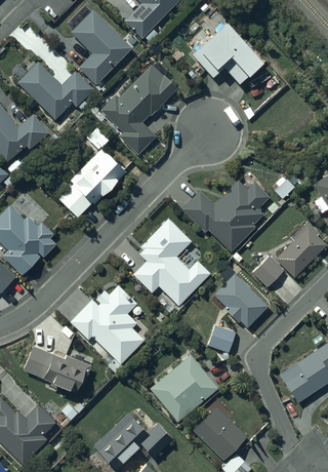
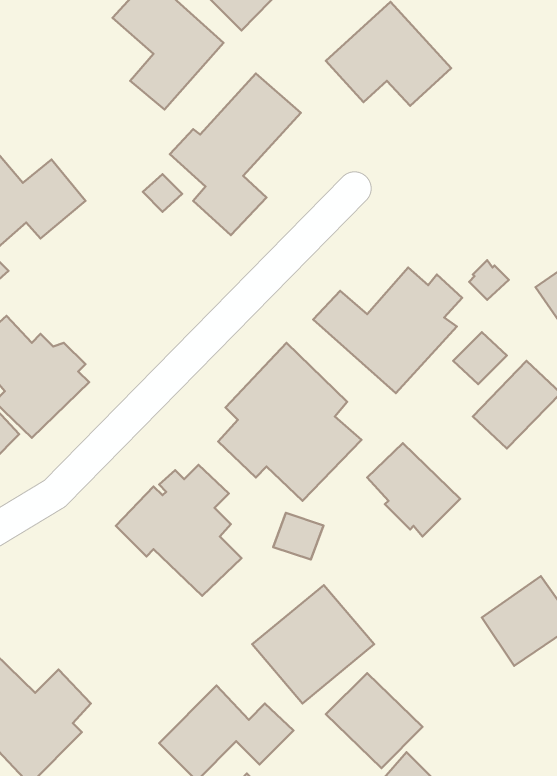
building: [19,64,97,116] -> none
building: [59,147,130,212] -> none
building: [253,258,284,287] -> [453,332,507,384]
building: [207,326,236,353] -> [273,513,323,560]
building: [24,340,91,386] -> none

